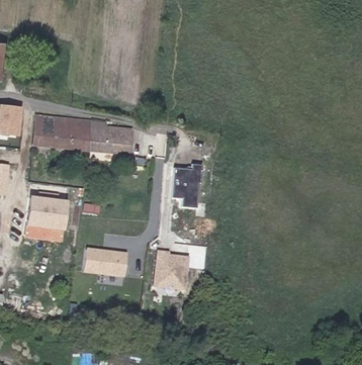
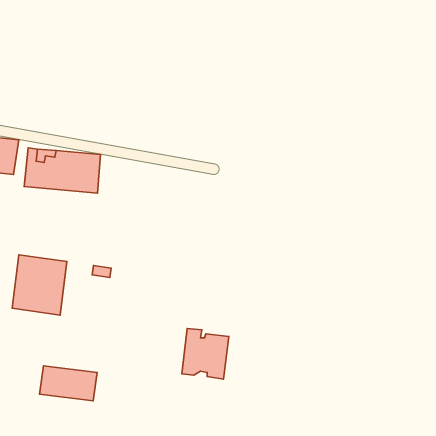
building: [89,120,132,154] -> none
building: [173,165,196,198] -> none
building: [83,250,126,276] -> [40,366,97,401]

